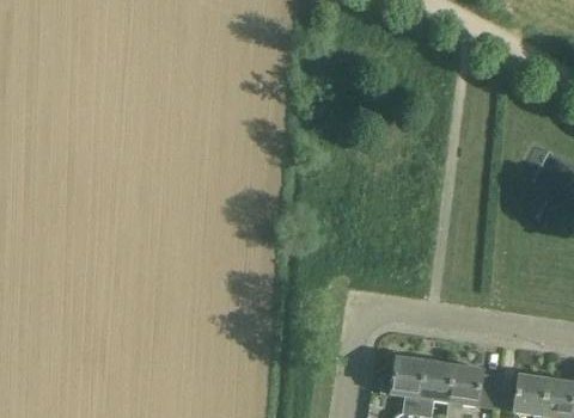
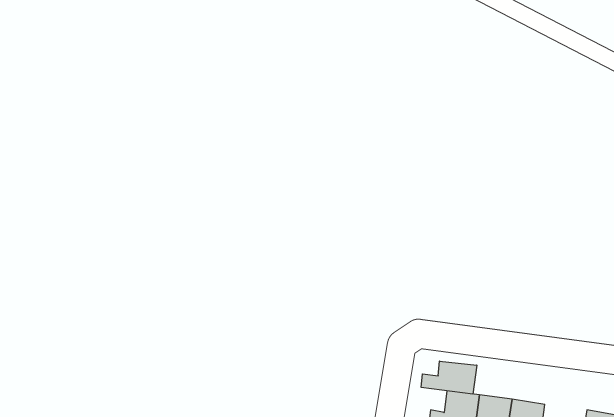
building: none -> [421,361,477,394]

